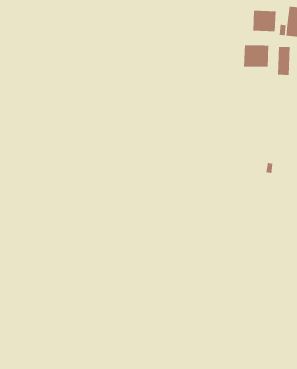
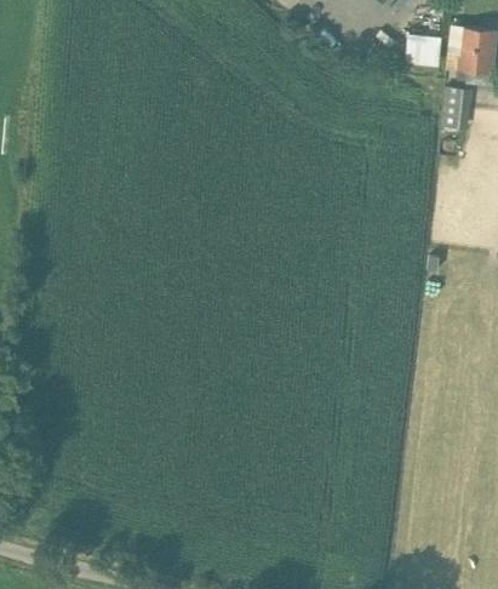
building: [244,45,269,68] -> none

